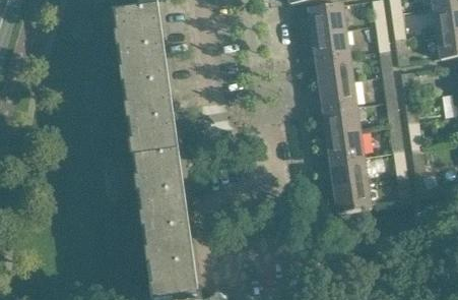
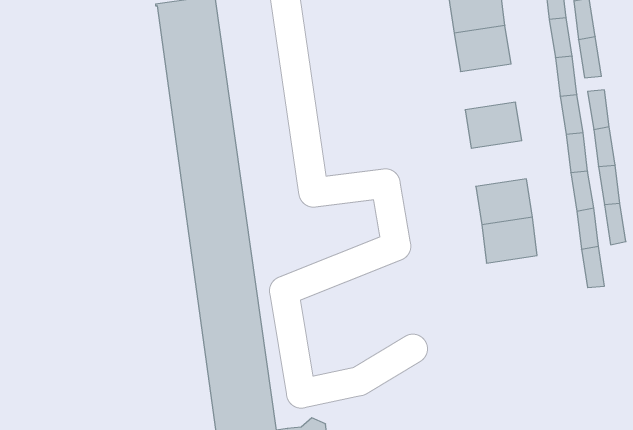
building: [317,55,353,85] -> none
building: [324,106,361,136] -> none
building: [334,182,372,213] -> none

